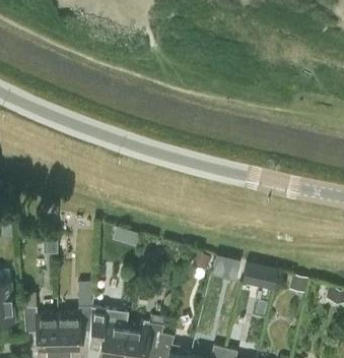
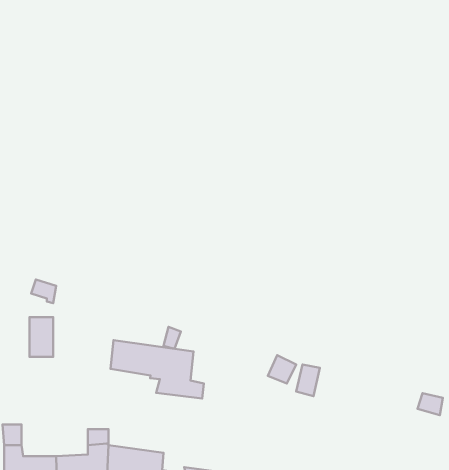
building: none -> [111,340,204,399]
building: [242,261,279,290] -> none

